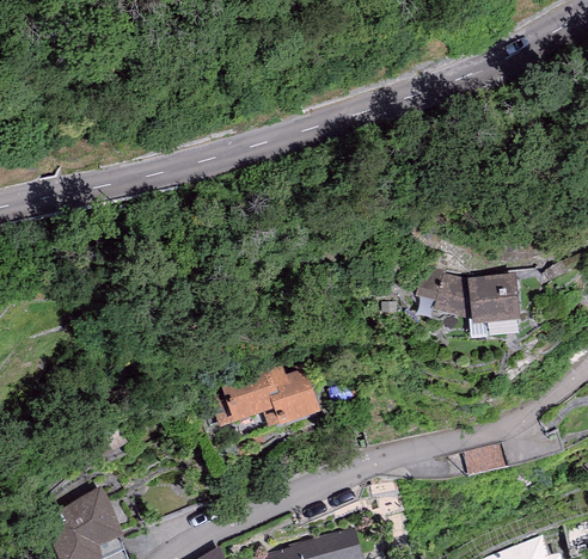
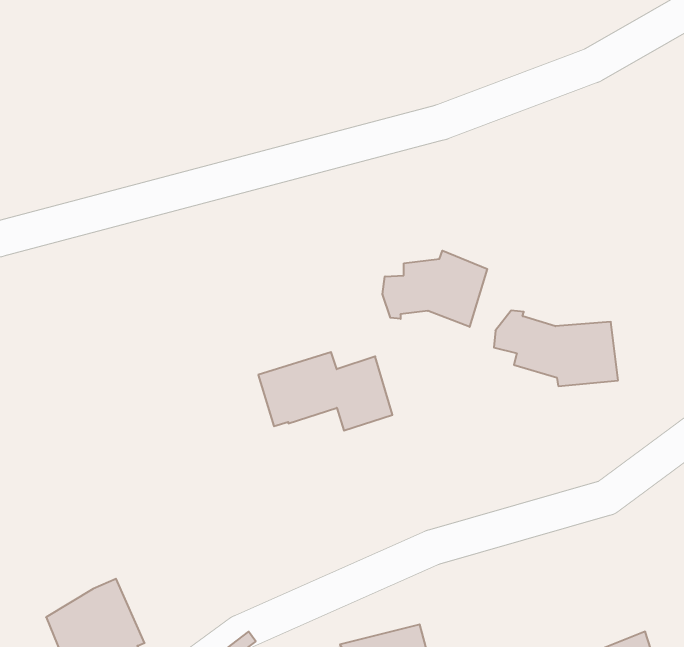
building: none -> [383,251,487,327]
building: [209,366,321,431] -> [258,352,392,431]

